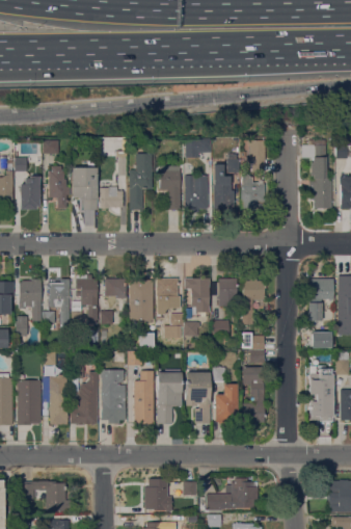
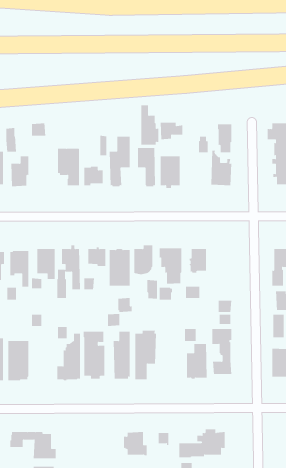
building: [214,164,235,209] -> [140,105,159,145]
building: [47,166,70,208] -> none
building: [242,279,264,324] -> none
building: [186,372,210,423] -> none
building: [49,374,68,425] -> none

